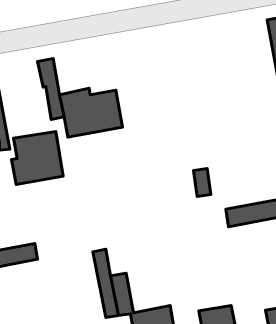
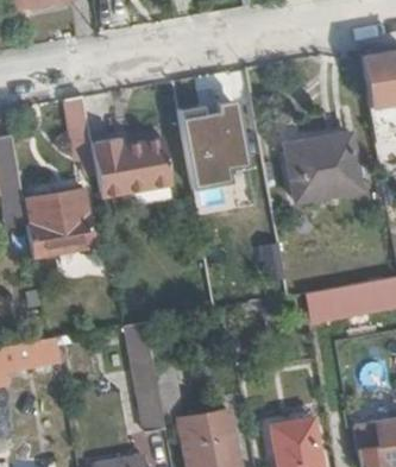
building: none -> [182,93,253,184]
building: none -> [283,134,360,203]

